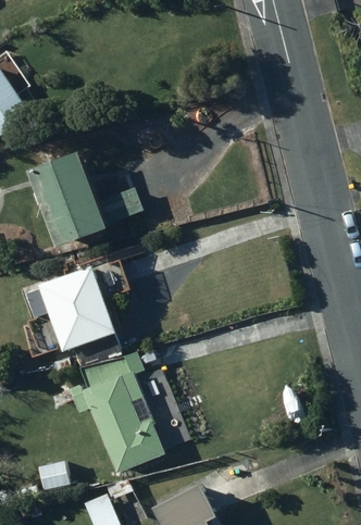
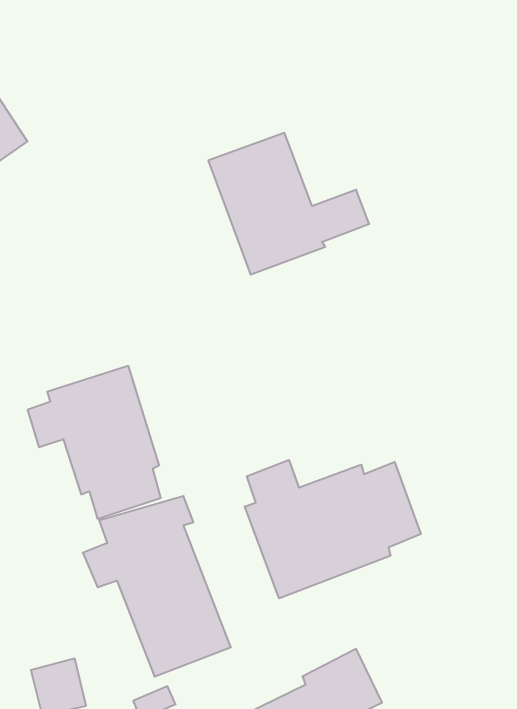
building: [32,149,139,243] -> [208,133,369,274]
building: none -> [245,460,421,598]

